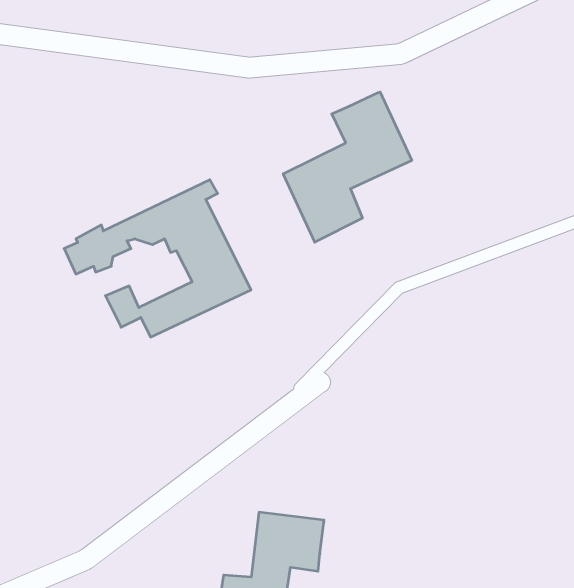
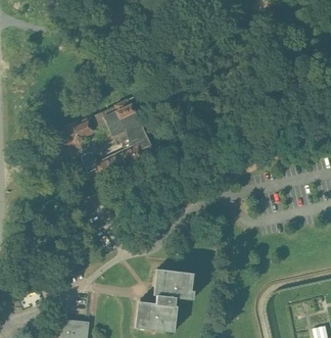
building: [283,92,412,242] -> none

